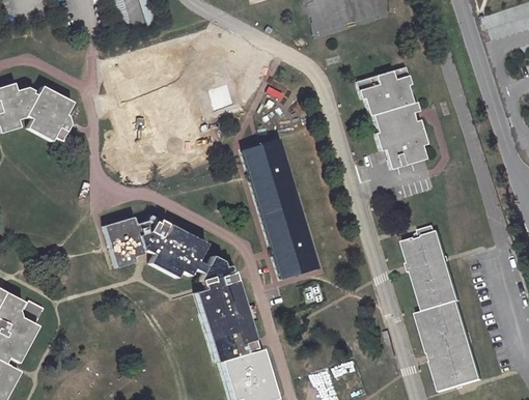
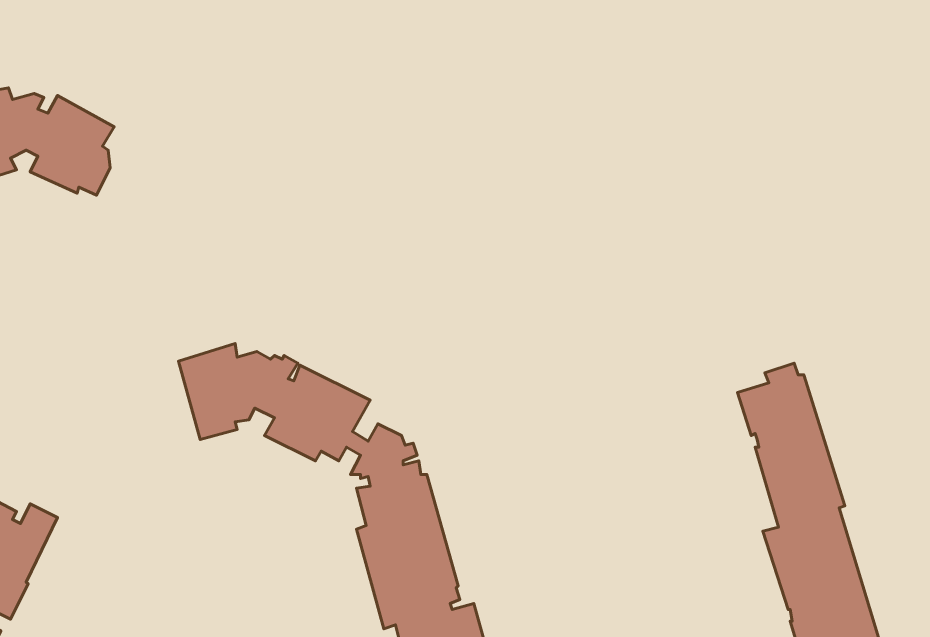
building: [355,65,426,169] -> none
building: [241,140,316,281] -> none

